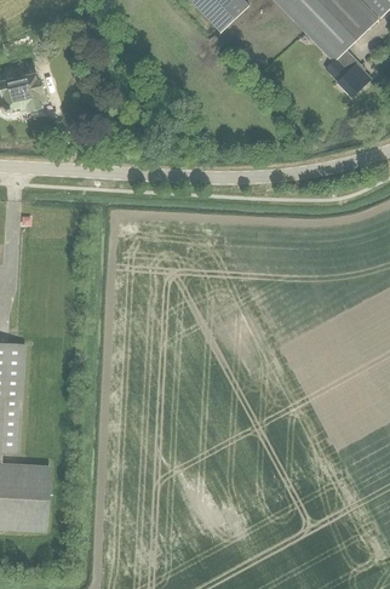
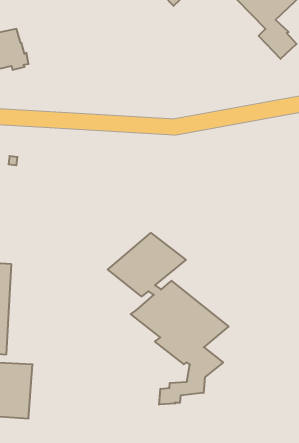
building: none -> [108,233,229,405]

